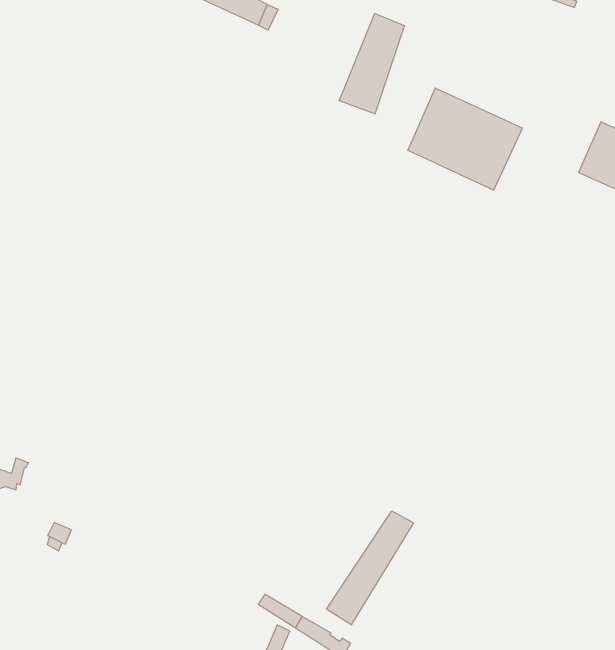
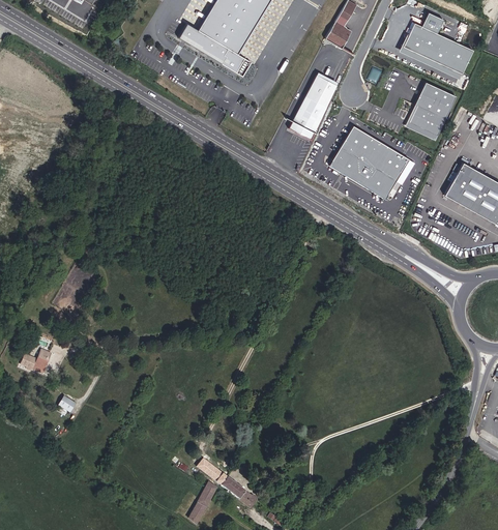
building: none -> [407,82,459,141]
building: [327,511,413,625] -> none

